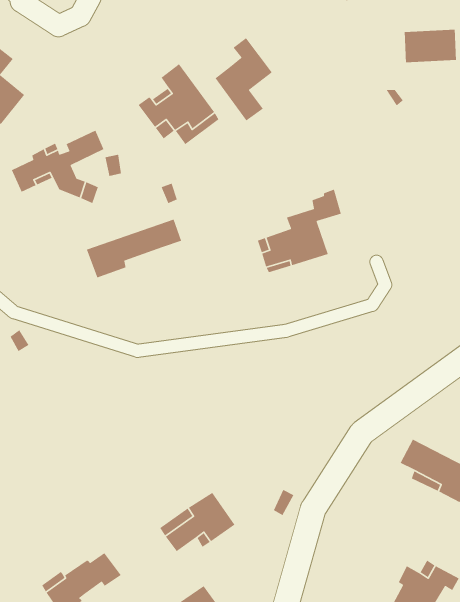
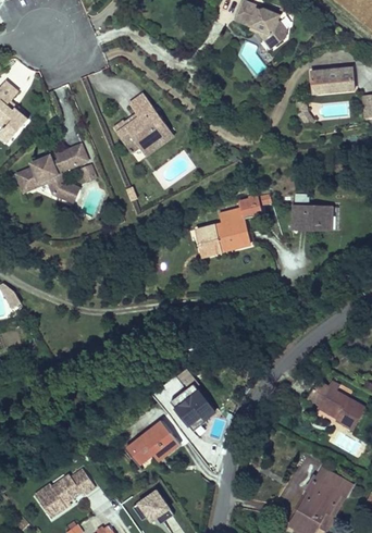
building: [215,37,273,121] -> none
building: none -> [301,201,335,226]
building: [86,219,182,278] -> none
building: none -> [172,385,216,430]

